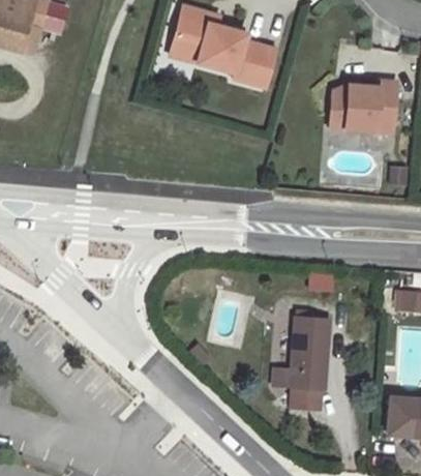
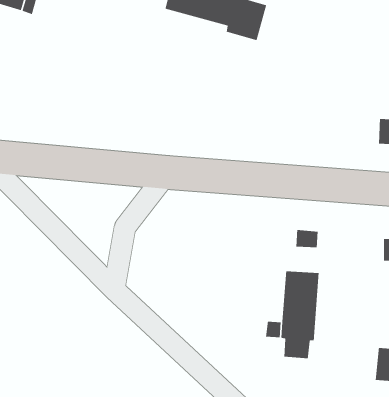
building: [330,81,395,131] -> none

